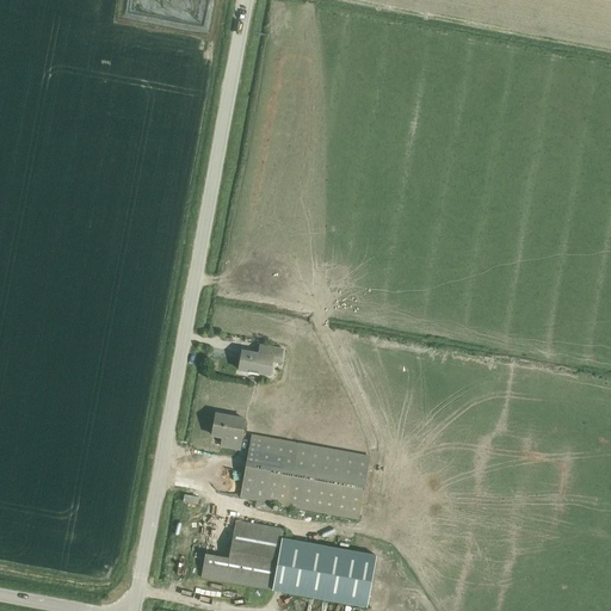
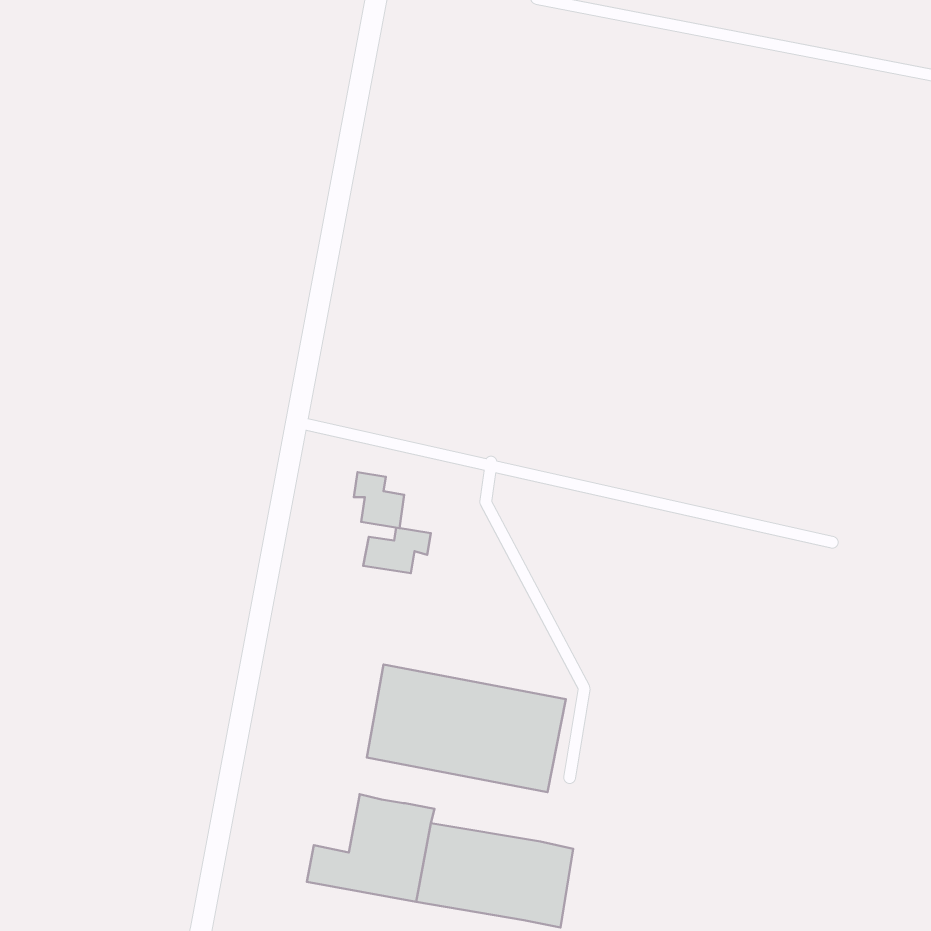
building: none -> [354,472,404,528]
building: [211,414,243,449] -> none

